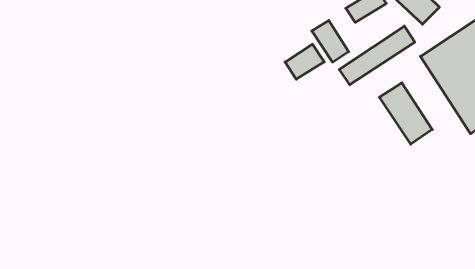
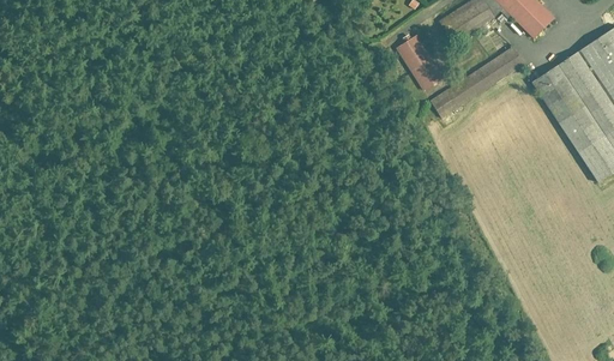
building: [285,44,324,79] -> none
building: [379,83,432,144] -> none

